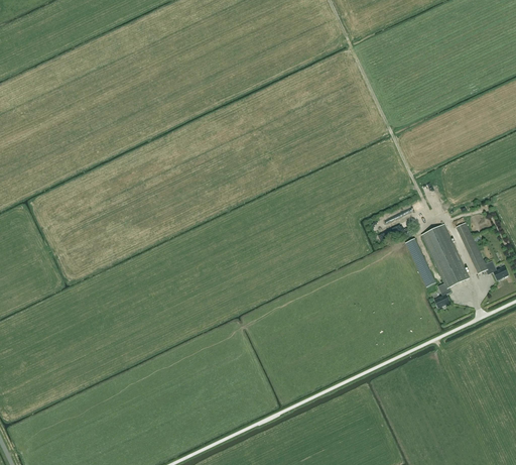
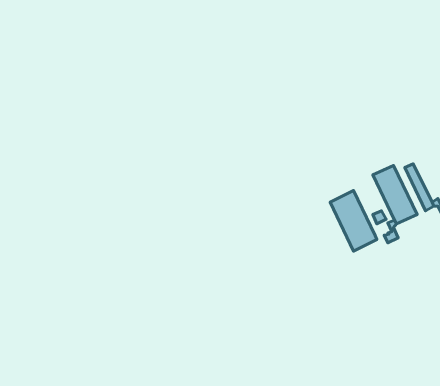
building: none -> [330,190,377,251]

